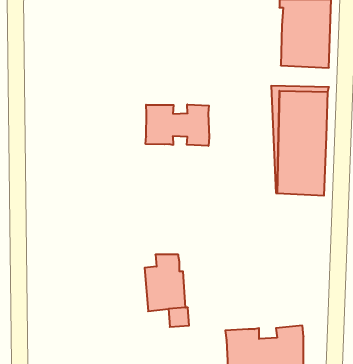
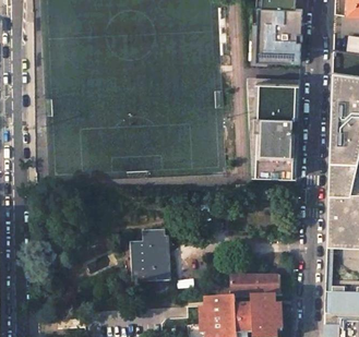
building: [146,104,209,146] -> none
building: none -> [230,276,279,299]

